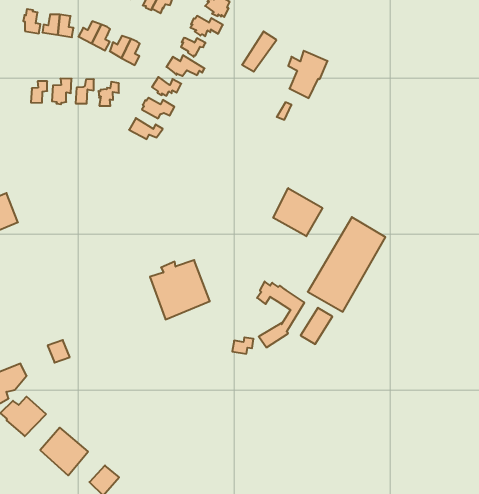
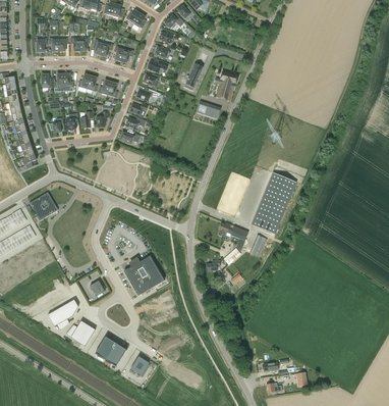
building: [273,188,322,236] -> none
building: [150,260,210,319] -> [123,255,164,296]

